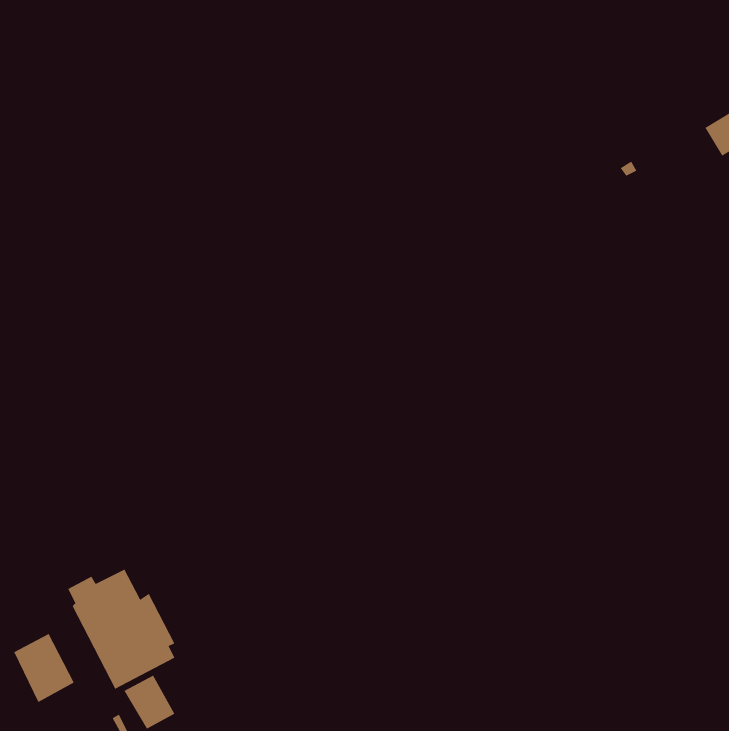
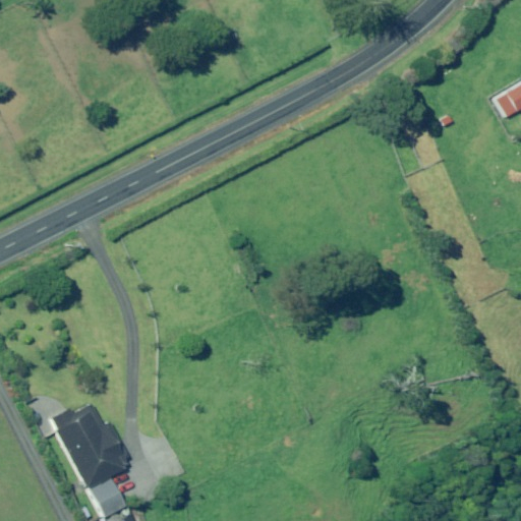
building: [13,633,74,703] -> none

